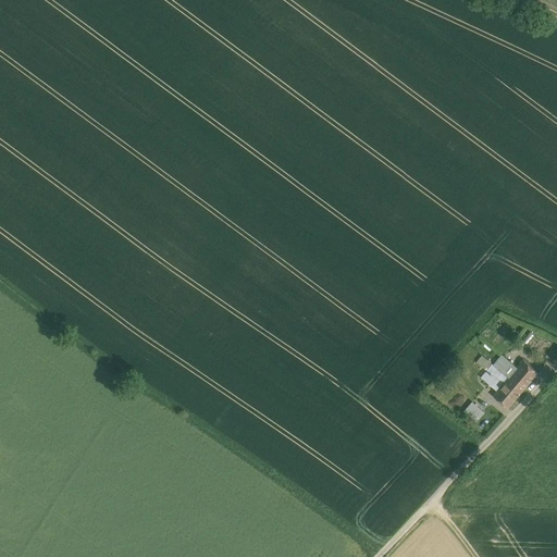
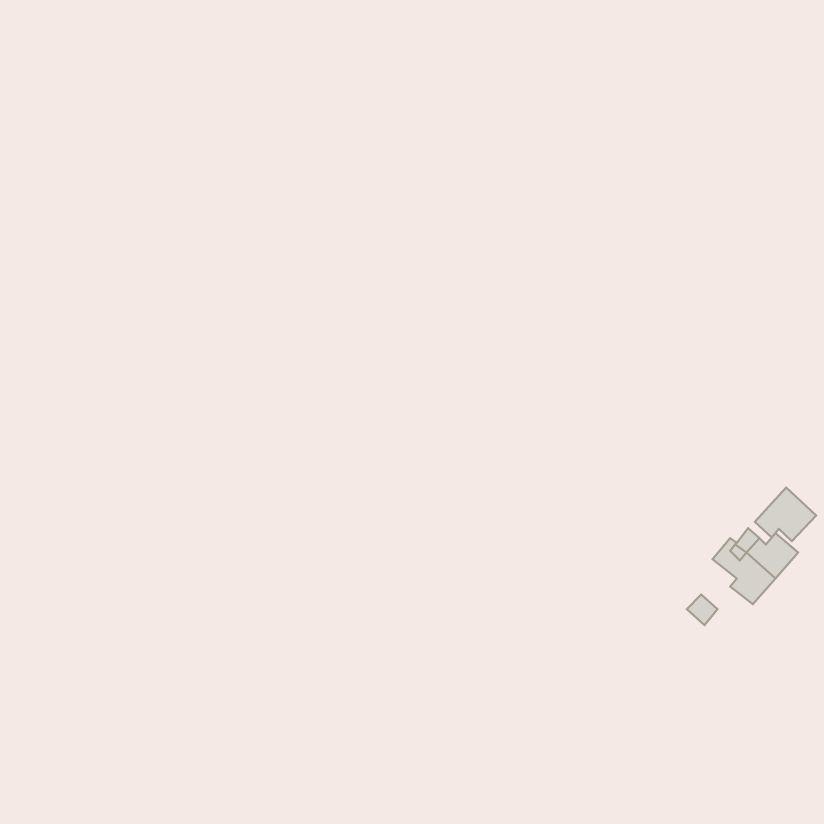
building: none -> [755,487,816,541]

